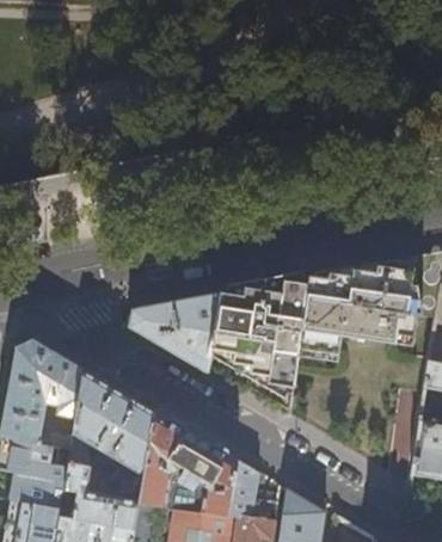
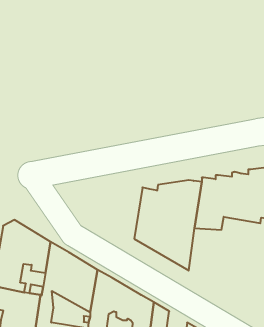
building: [127,290,219,374] -> none

